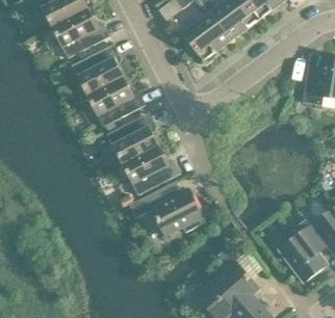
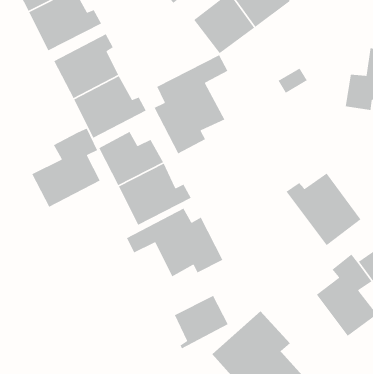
building: none -> [153,54,228,155]
building: none -> [31,127,101,208]
building: none -> [286,173,362,246]
building: none -> [174,295,229,350]

